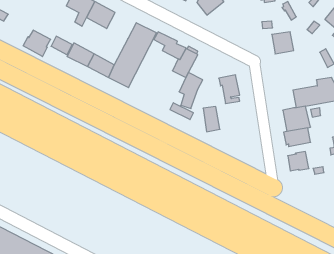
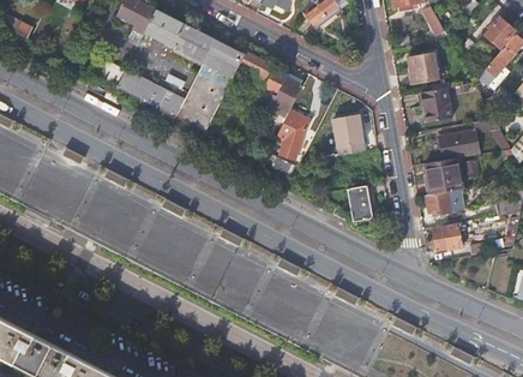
building: none -> [173,24,215,61]
building: [23,30,51,57] -> none
building: none -> [421,85,452,121]
building: [203,107,220,132] -> [347,185,371,221]

